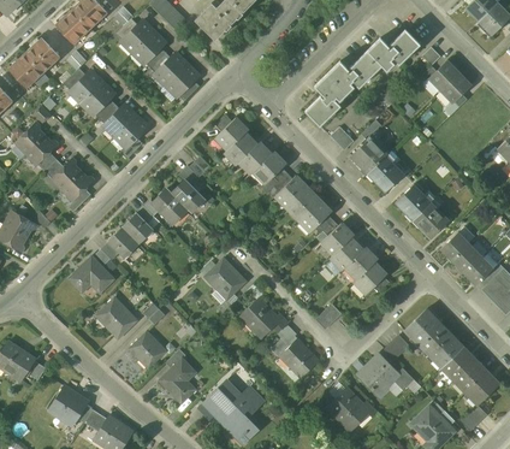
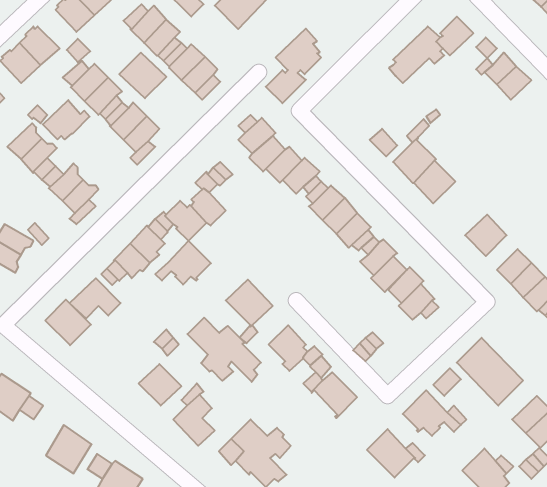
building: none -> [119,53,166,98]
building: [306,61,354,126] -> [266,29,321,103]
building: none -> [43,100,90,139]
building: [396,185,432,220] -> none
building: none -> [155,241,211,285]
building: none -> [187,318,261,382]
building: [96,299,136,338] -> [45,300,91,345]
building: [441,347,475,380] -> none

